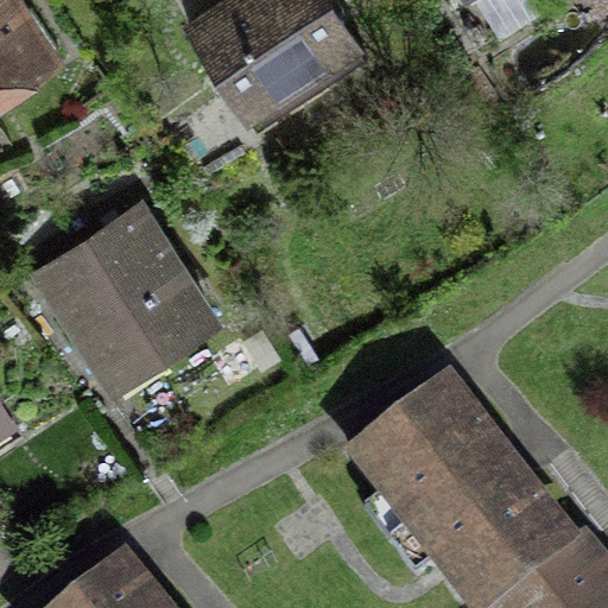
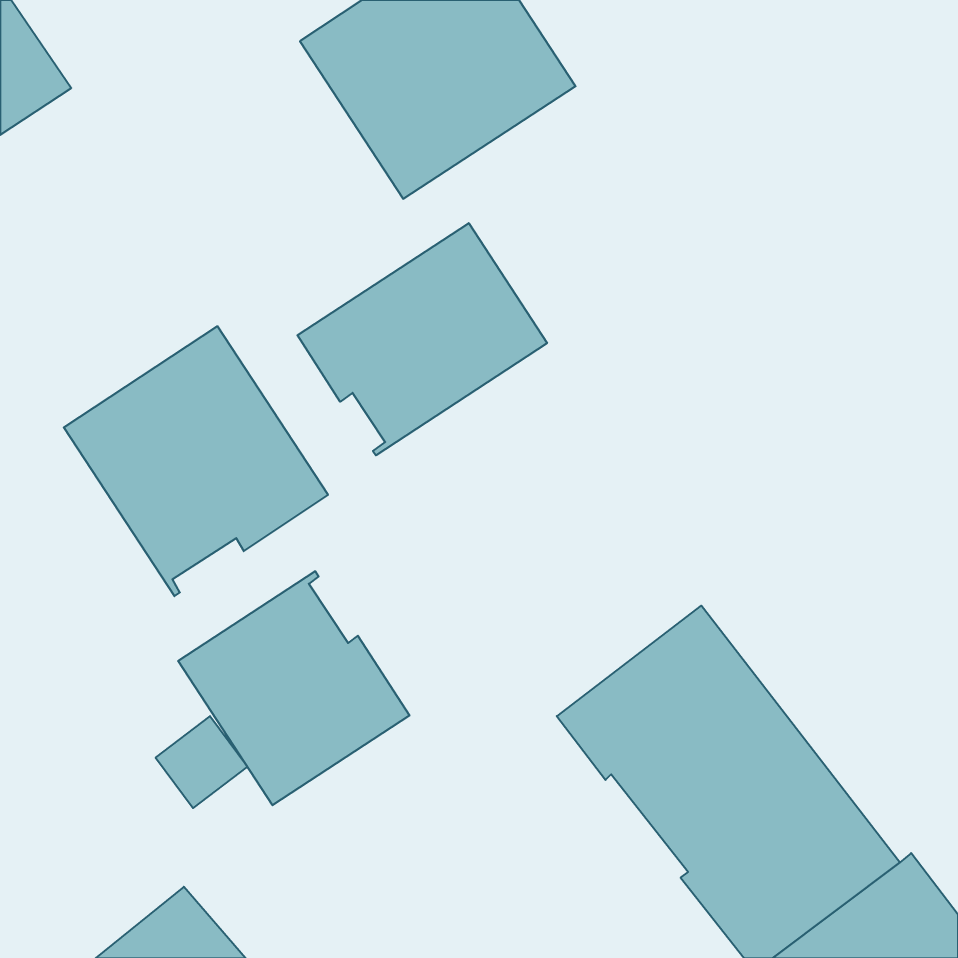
building: none -> [297,223,547,455]
building: none -> [178,571,409,805]

